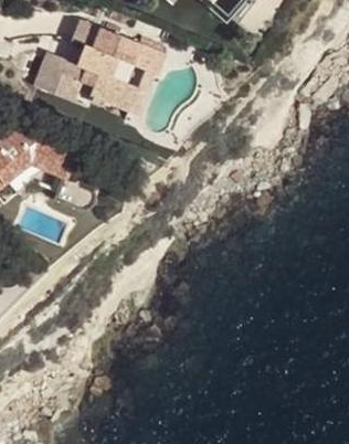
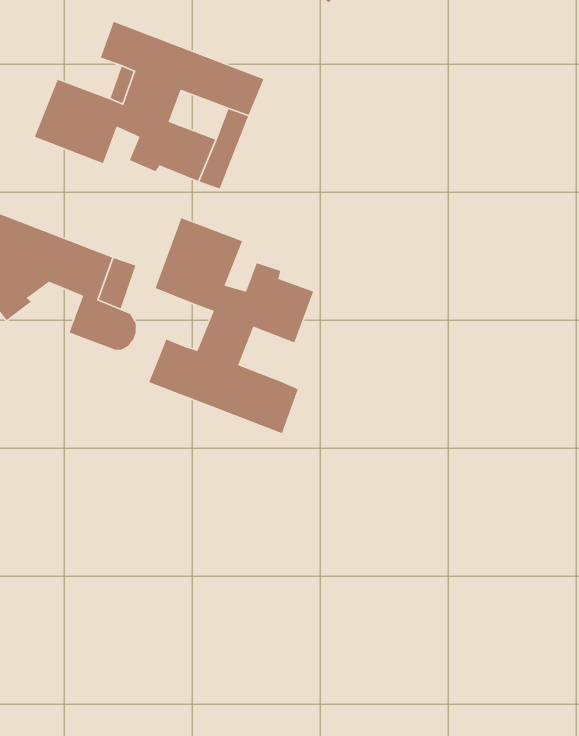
building: none -> [148,217,314,434]

